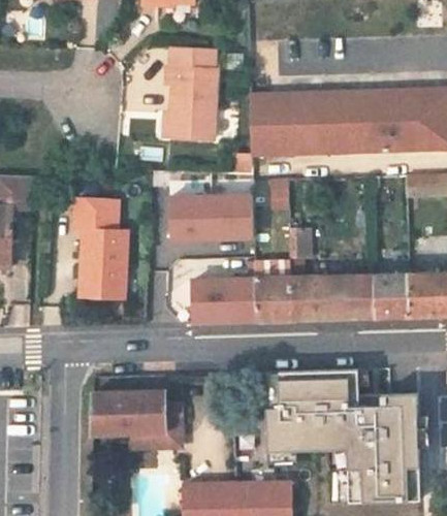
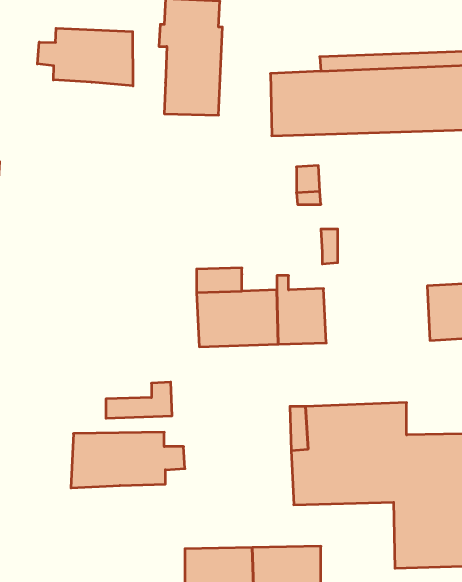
building: none -> [37,28,133,86]
building: [169,196,254,240] -> none
building: [71,199,125,299] -> none
building: [292,276,377,321] -> none
building: [130,421,183,450] -> [106,382,172,418]

